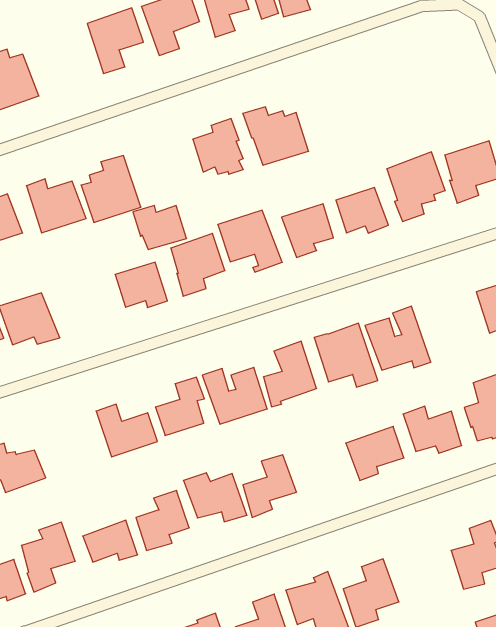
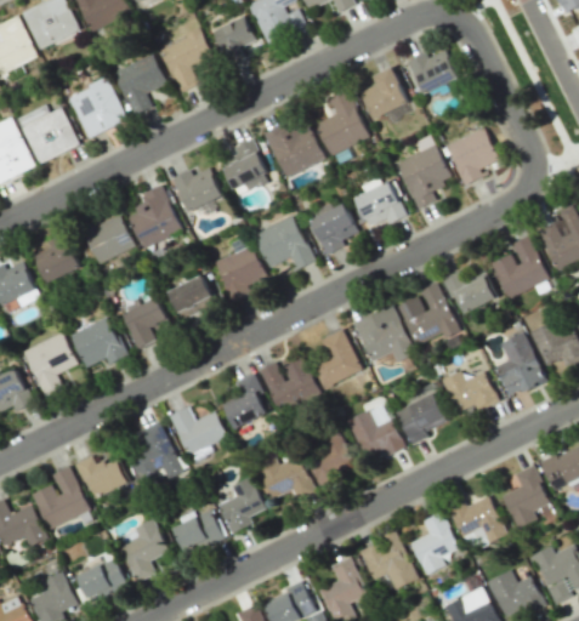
building: none -> [68,78,126,138]
building: none -> [407,51,459,93]
building: none -> [362,68,407,119]
building: none -> [314,91,370,155]
building: [133,205,187,250] -> [171,169,222,211]
building: none -> [124,295,174,348]
building: none -> [442,270,498,314]
building: none -> [129,421,183,492]
building: none -> [347,410,405,458]
building: none -> [447,497,507,543]

